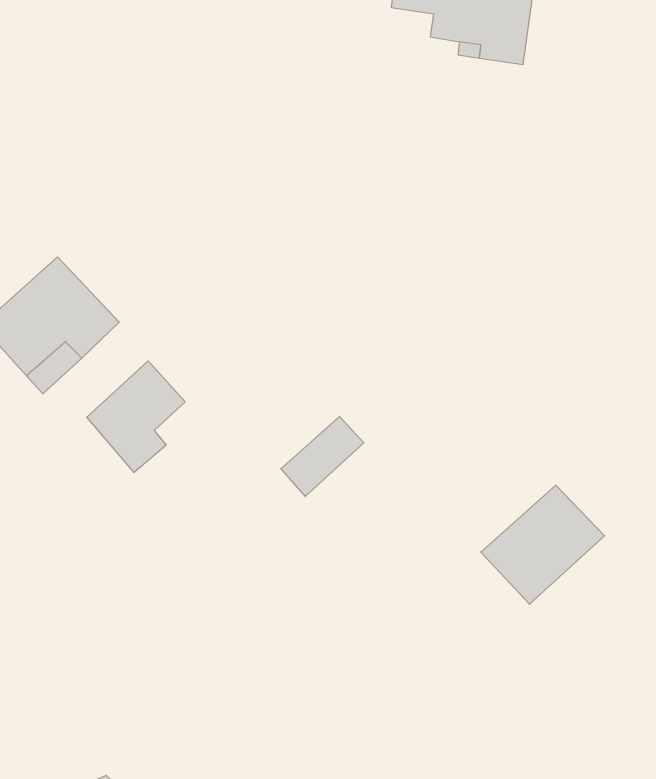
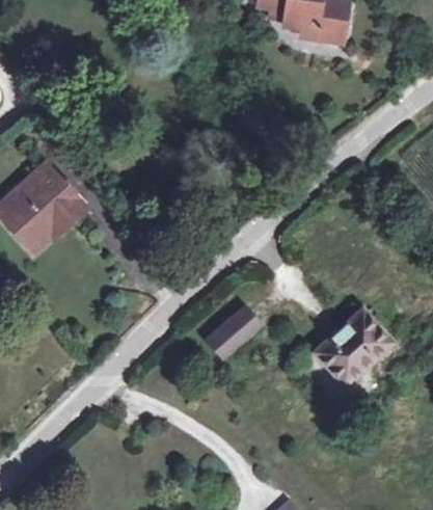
building: [87,361,185,472] -> none
building: [281,417,364,497] -> [208,307,261,358]

